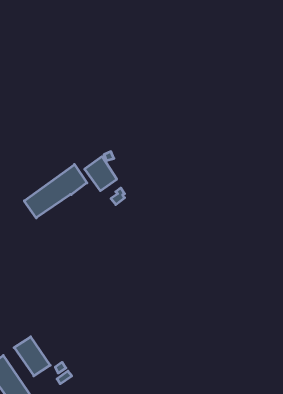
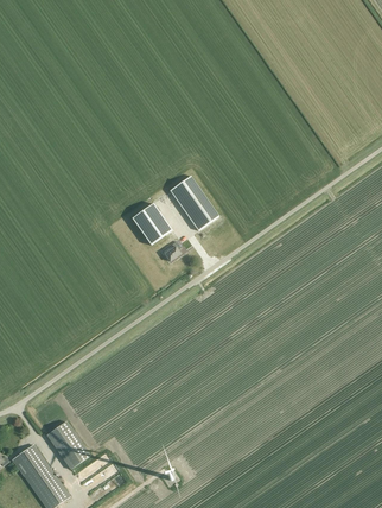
building: none -> [170,176,217,230]
building: [24,164,87,218] -> none

